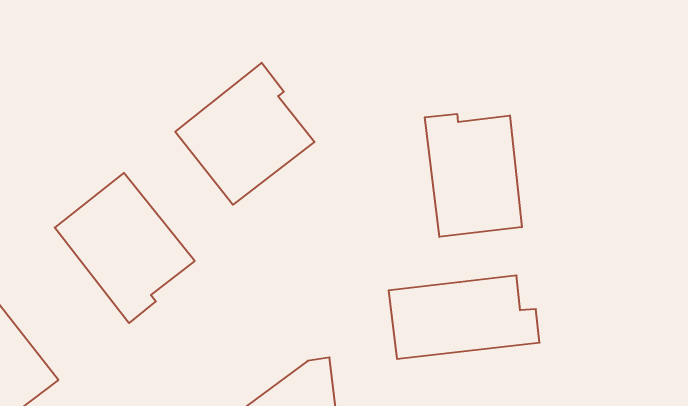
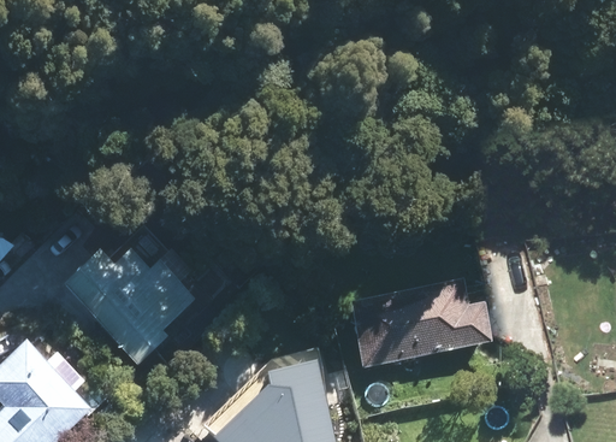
building: [175,63,315,205] -> none
building: [425,114,522,237] -> none

